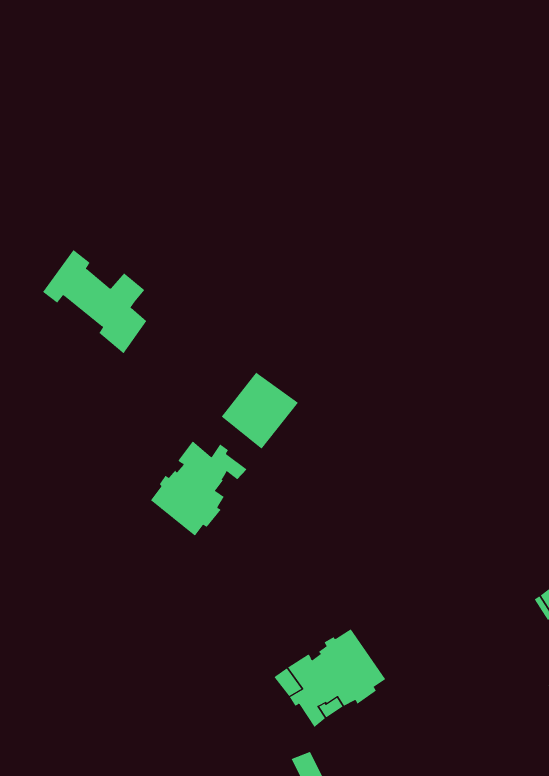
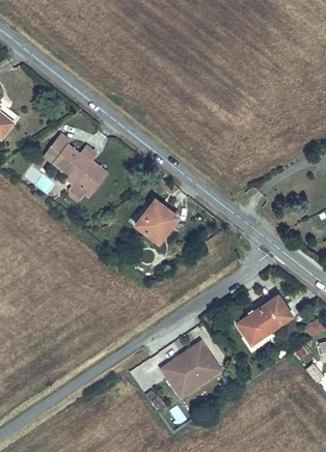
building: [150,441,247,536] -> none
building: none -> [235,292,292,341]

